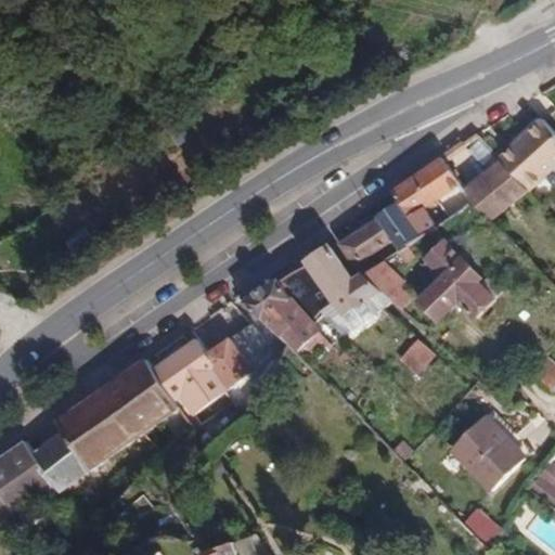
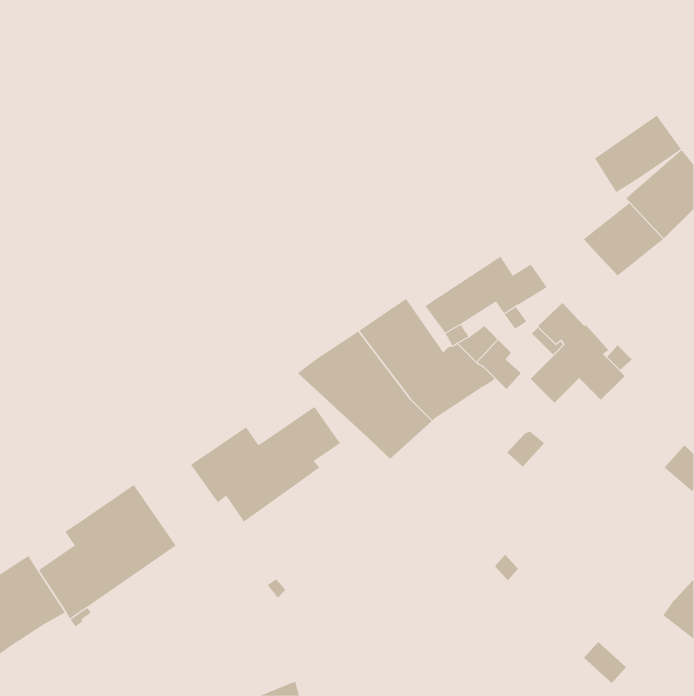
building: [389,156,459,218] -> [594,115,682,193]
building: [106,357,178,433] -> none
building: [450,415,524,490] -> none

